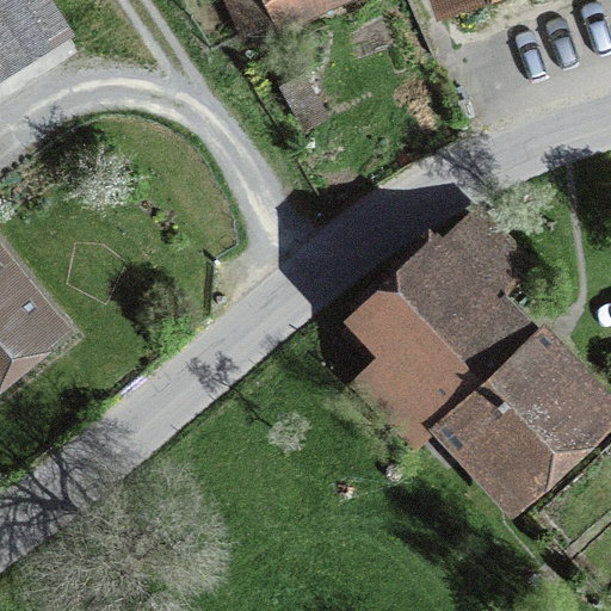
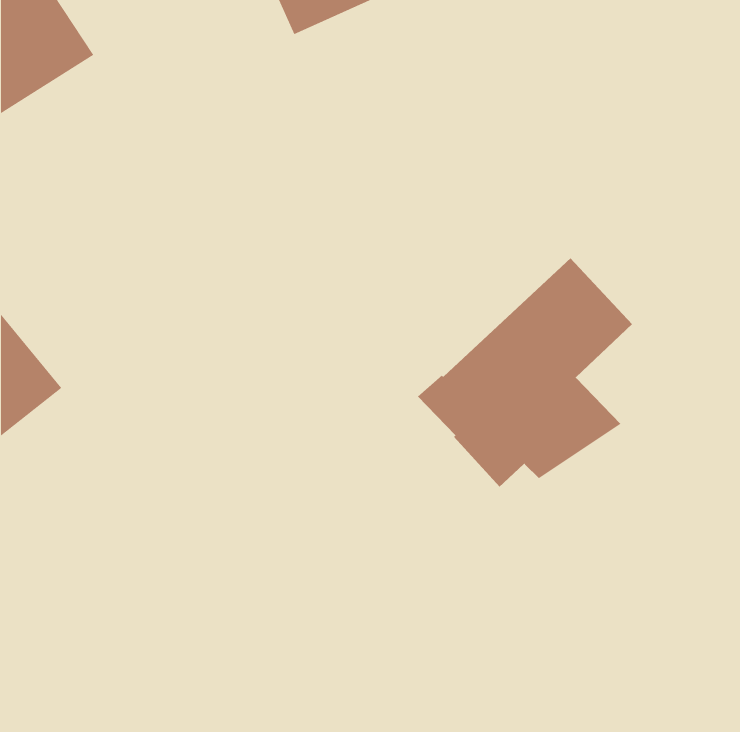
building: [444,340,586,474] -> none

